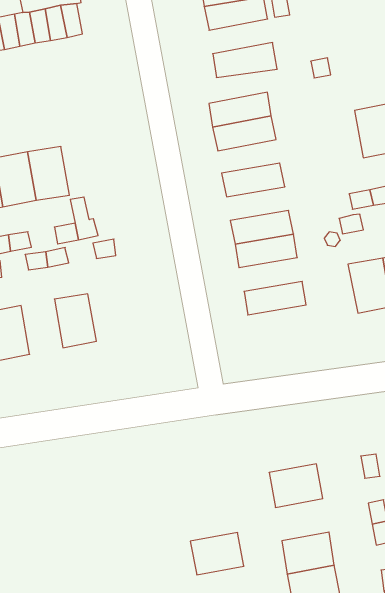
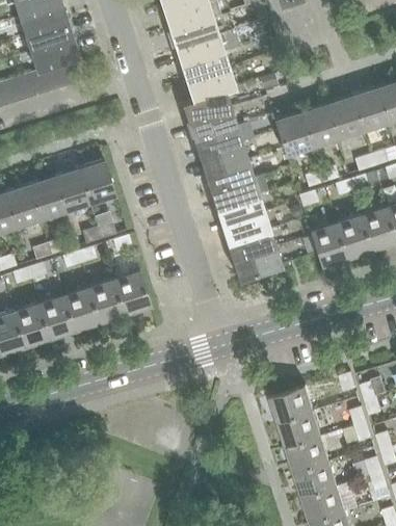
building: none -> [180,51,230,83]
building: none -> [181,91,231,122]
building: none -> [273,112,311,156]
building: none -> [199,142,247,174]
building: none -> [78,161,115,206]
building: none -> [210,178,259,209]
building: none -> [227,231,276,262]
building: none -> [113,271,151,315]
building: none -> [63,287,100,332]
building: [190,533,244,575] -> [279,413,322,449]

